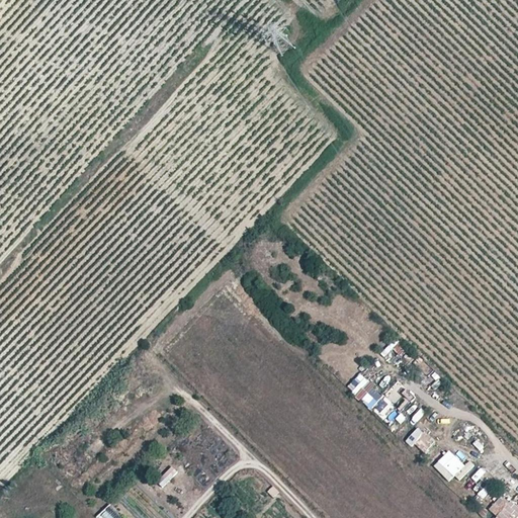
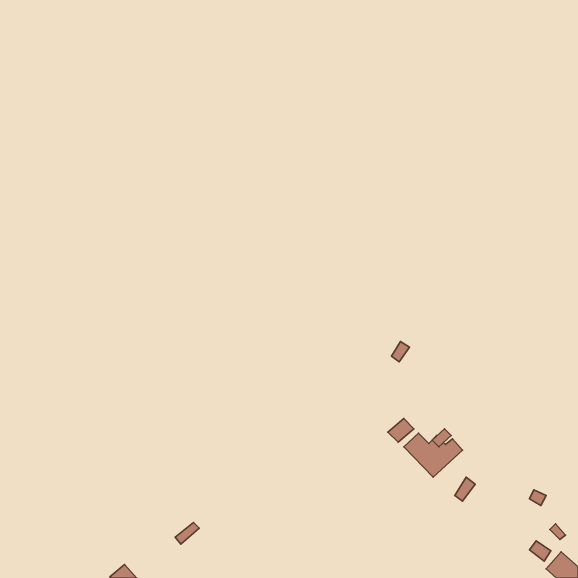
building: [434,450,466,483] -> none

